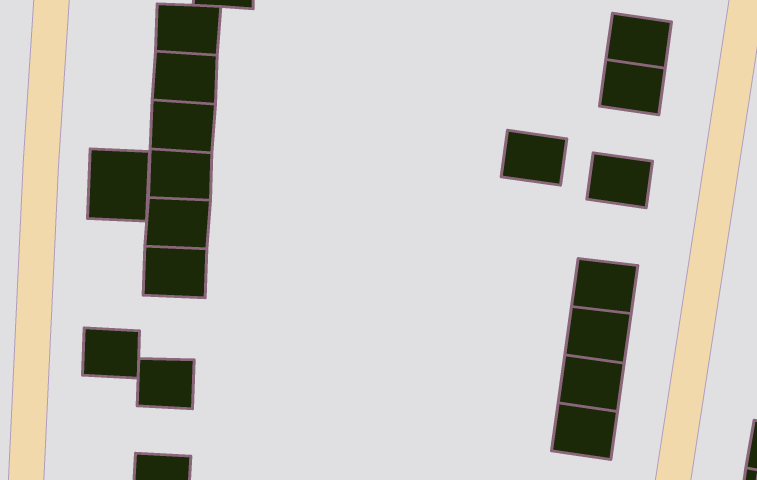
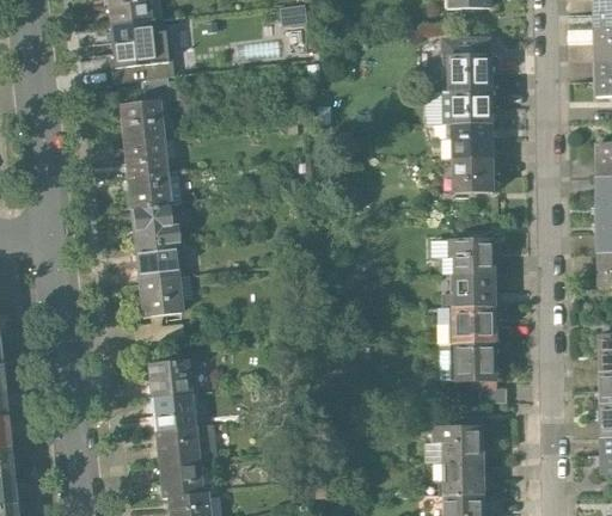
building: [501,130,567,185] -> [449,122,495,158]
building: [87,149,149,221] -> none
building: [83,328,140,378] -> [151,394,196,434]

